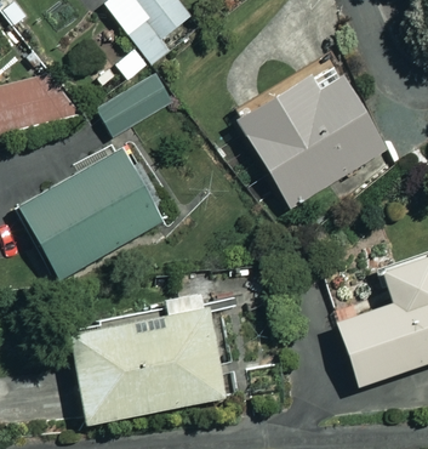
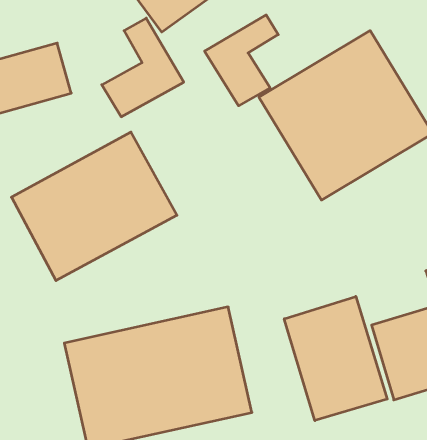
building: none -> [205,15,278,106]
building: none -> [284,296,387,421]

